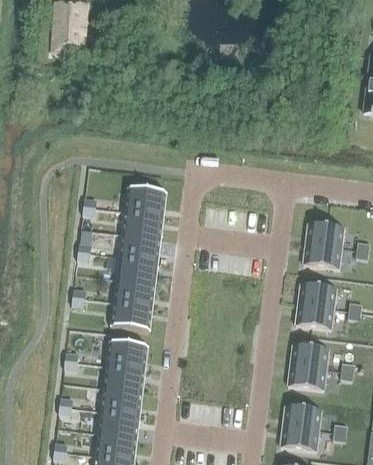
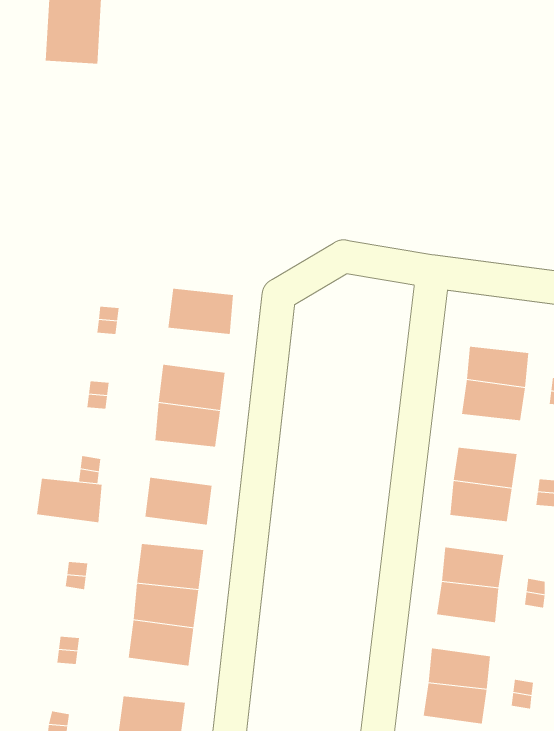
building: [123,210,164,237] -> none
building: [115,278,155,305] -> [36,478,102,523]
building: [99,409,139,436] -> none

